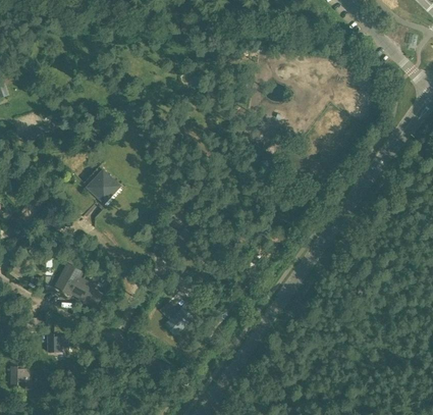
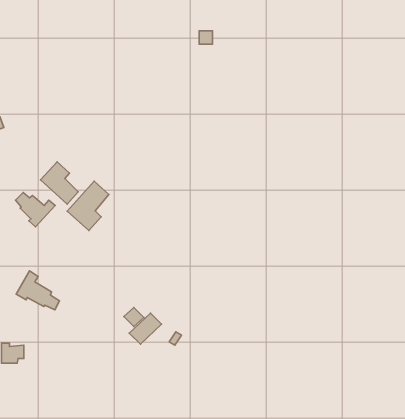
building: none -> [67,181,109,230]
building: none -> [16,193,55,227]

